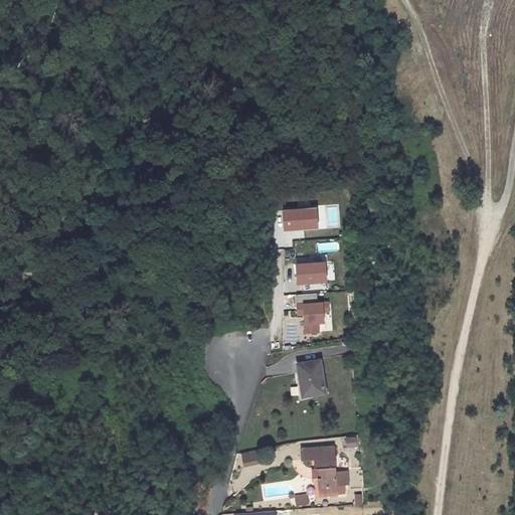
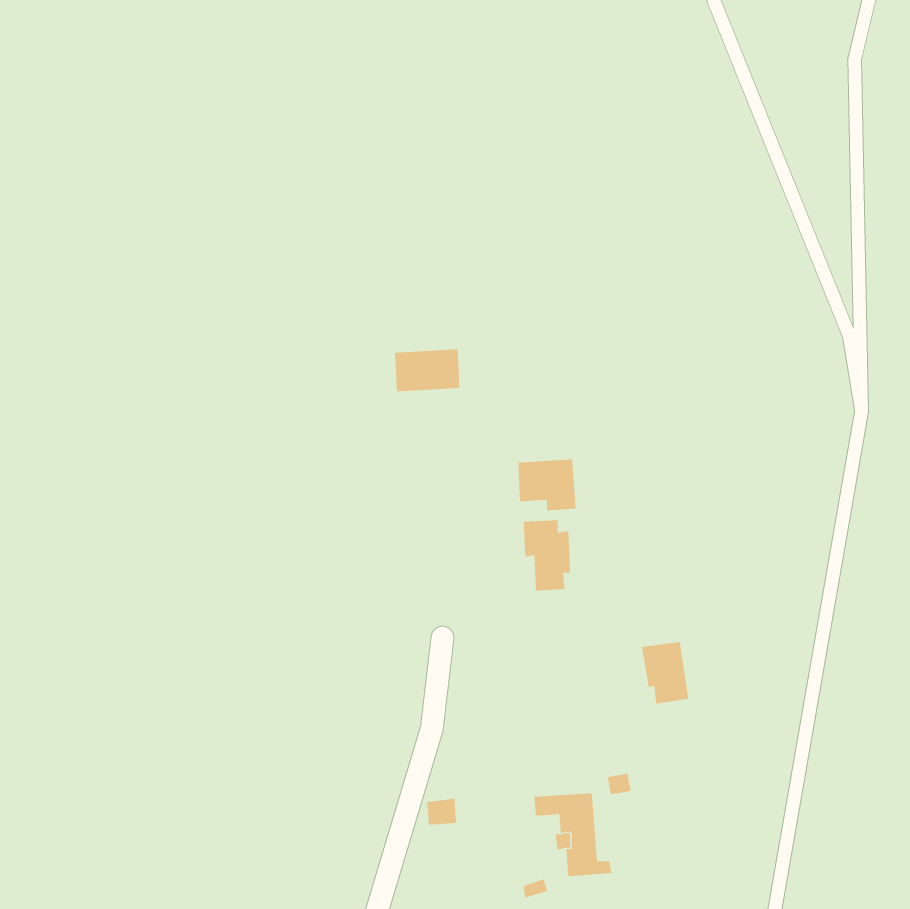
building: [279,206,316,230] -> [394,349,460,392]
building: [299,362,326,397] -> [641,642,689,704]

